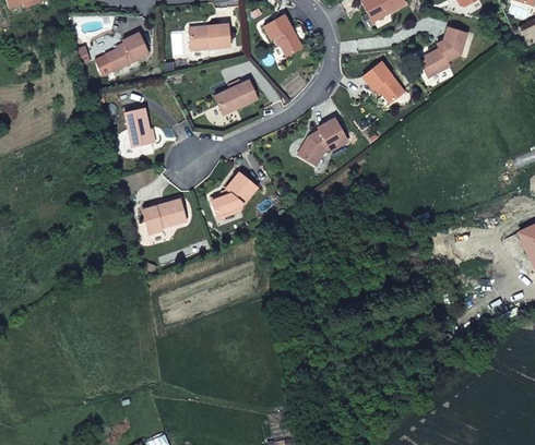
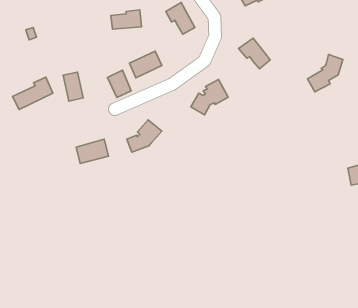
building: [418,27,466,77] -> [307,55,343,92]
building: [94,33,148,76] -> [13,77,53,109]
building: none -> [107,70,131,98]

